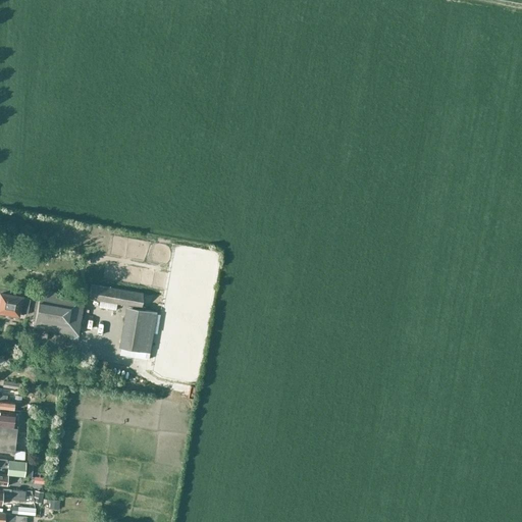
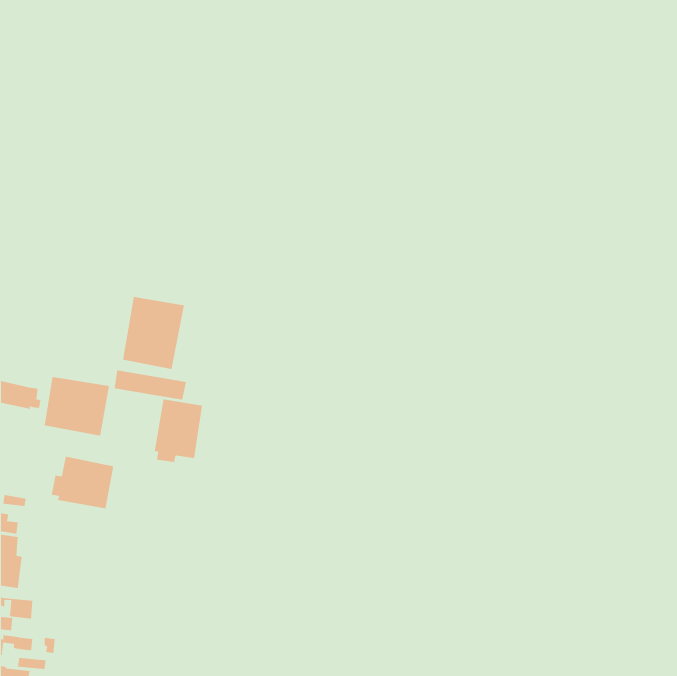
building: none -> [123,296,184,370]
building: none -> [51,456,114,509]

